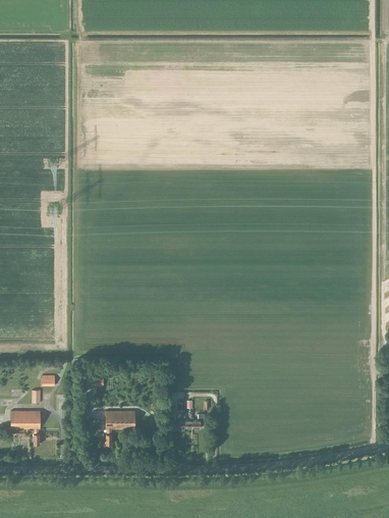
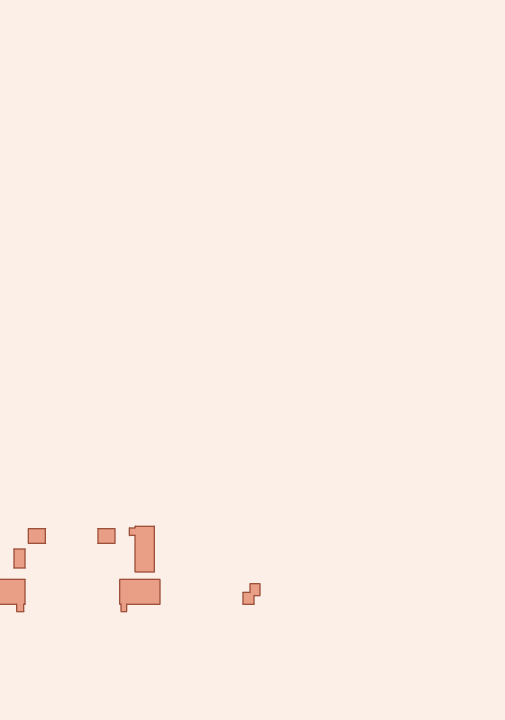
building: none -> [130,526,154,572]

